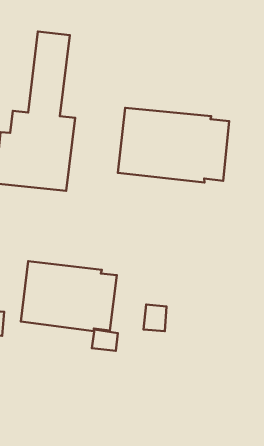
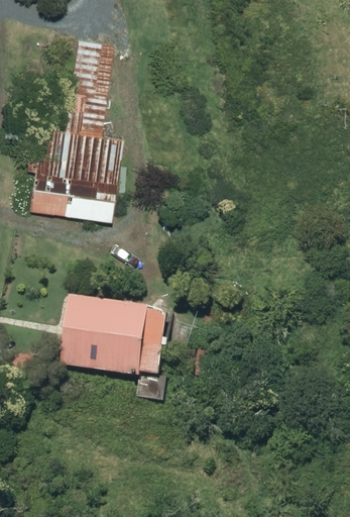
building: [118,108,229,182] -> none

